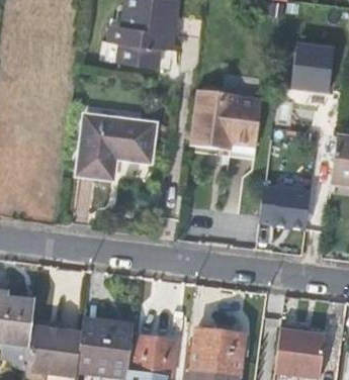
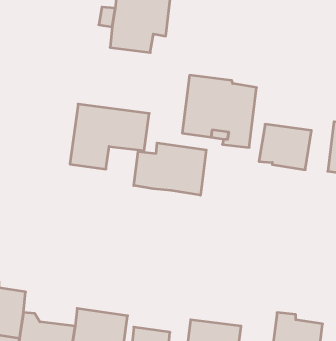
building: [291,43,334,92] -> none
building: none -> [134,143,206,195]
building: [259,185,311,229] -> [259,124,311,170]

